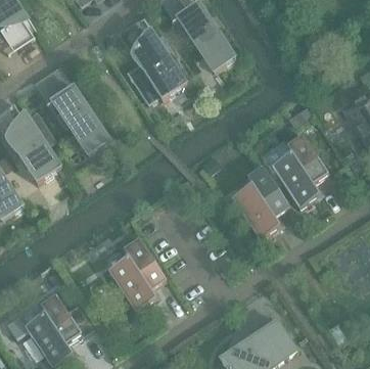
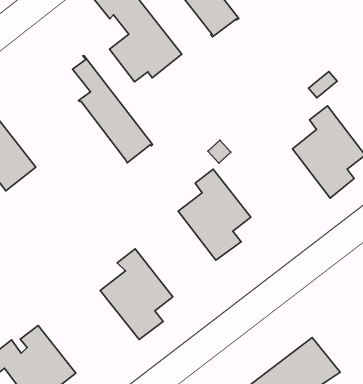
building: [49,64,109,153] -> [72,56,153,163]
building: [231,165,289,238] -> [178,169,251,260]

